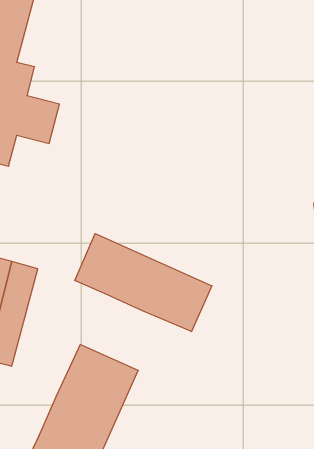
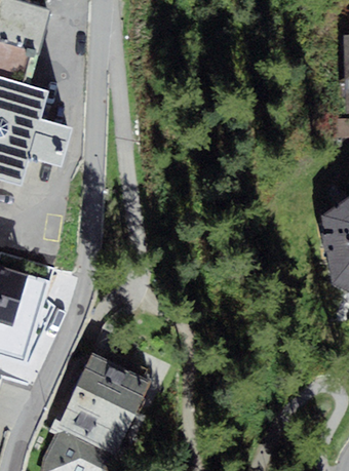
building: [75,234,212,332] -> none

